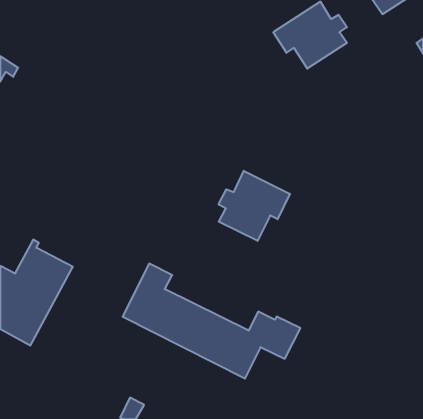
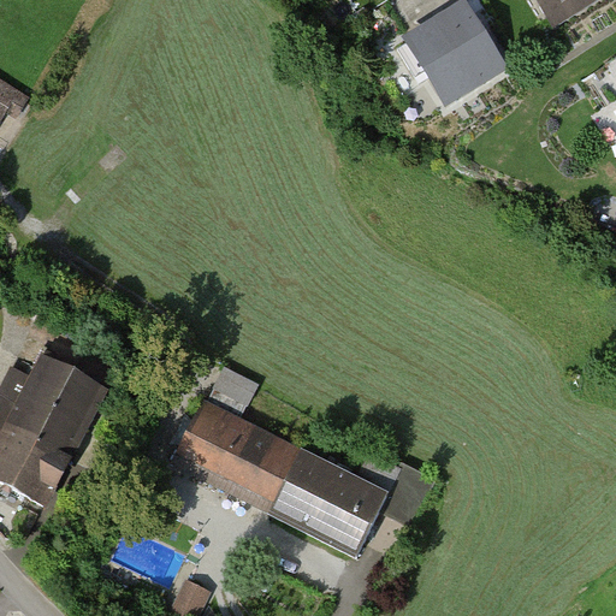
building: [219,171,290,241] -> none

